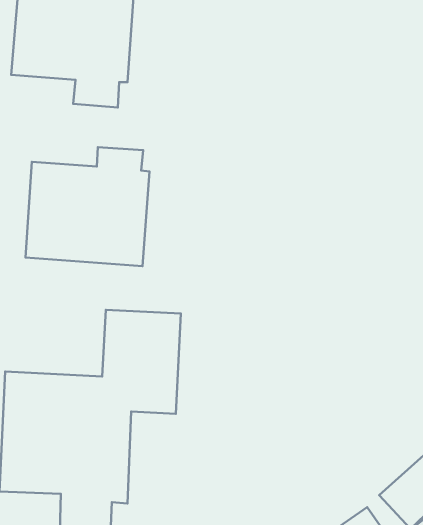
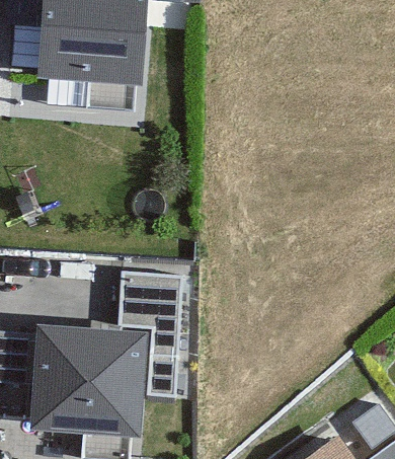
building: [26,147,150,266] -> none

